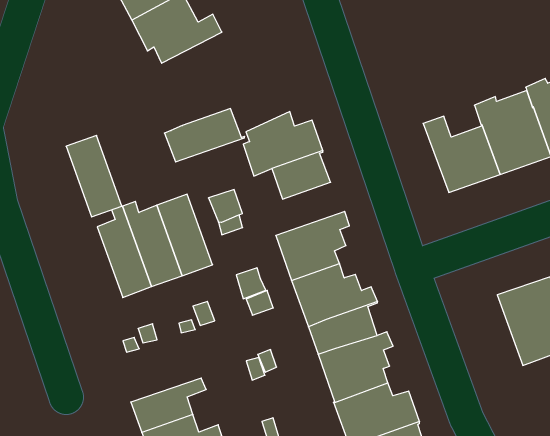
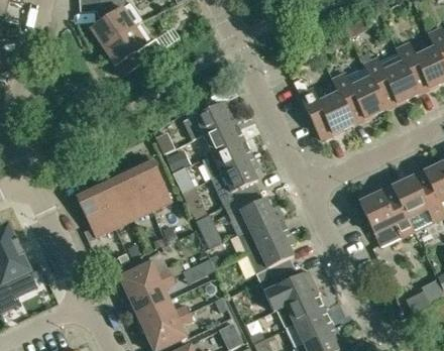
building: [164,109,245,162] -> [202,139,254,178]
building: [66,135,122,217] -> [75,184,115,237]
building: none -> [118,261,184,296]

